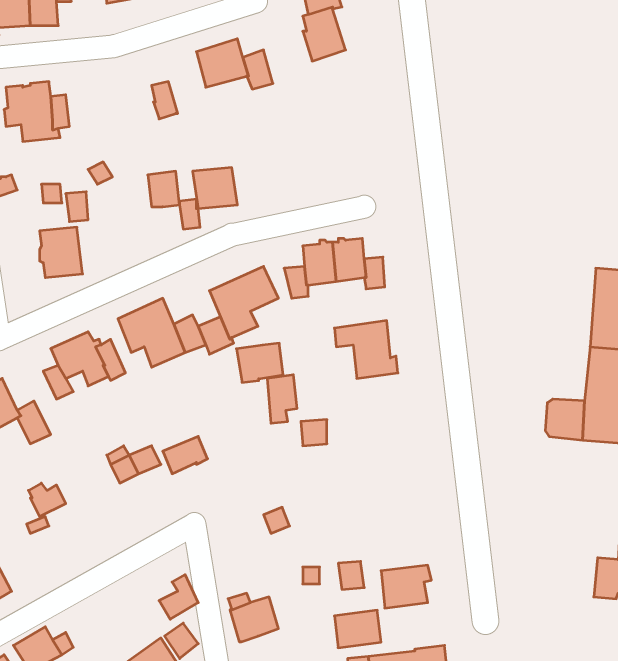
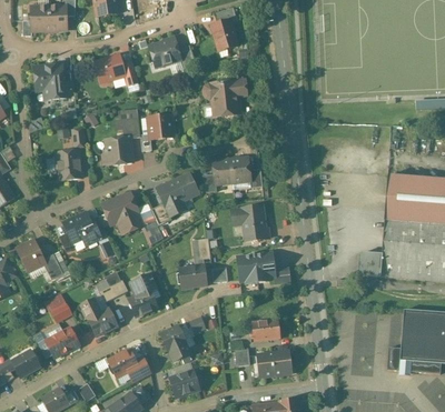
building: none -> [95,54,125,82]
building: none -> [204,79,245,114]
building: none -> [100,138,131,164]
building: [236,343,283,382] -> [178,265,206,289]
building: none -> [237,252,275,281]
building: none -> [128,290,157,316]
building: none -> [81,303,117,336]
building: none -> [160,325,190,361]
building: none -> [44,328,79,358]
building: none -> [107,349,138,378]
building: [334,610,381,648] -> [251,319,279,341]

